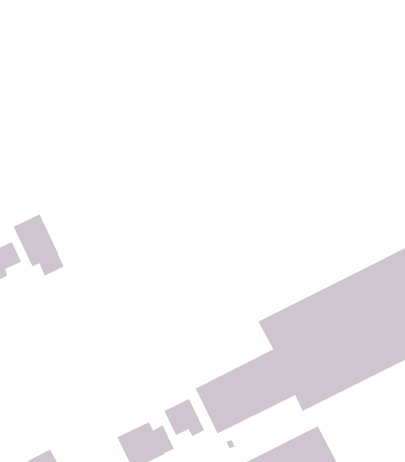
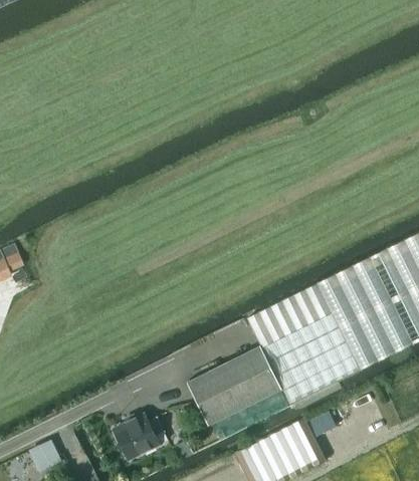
building: [13,214,64,276] -> none
building: [164,398,205,437] -> none

